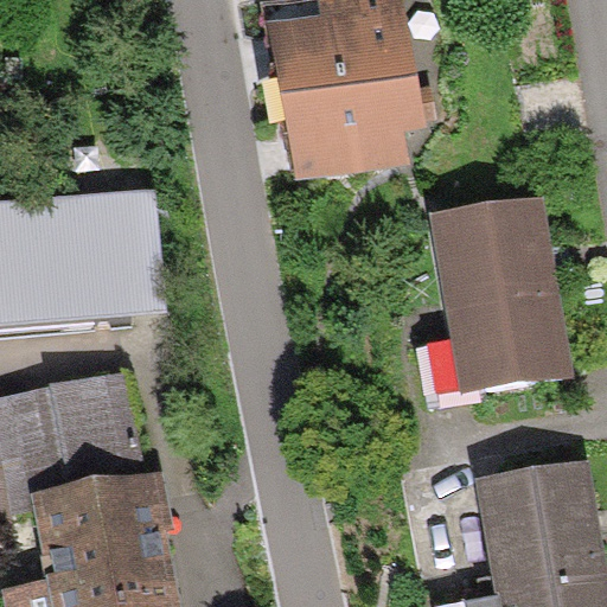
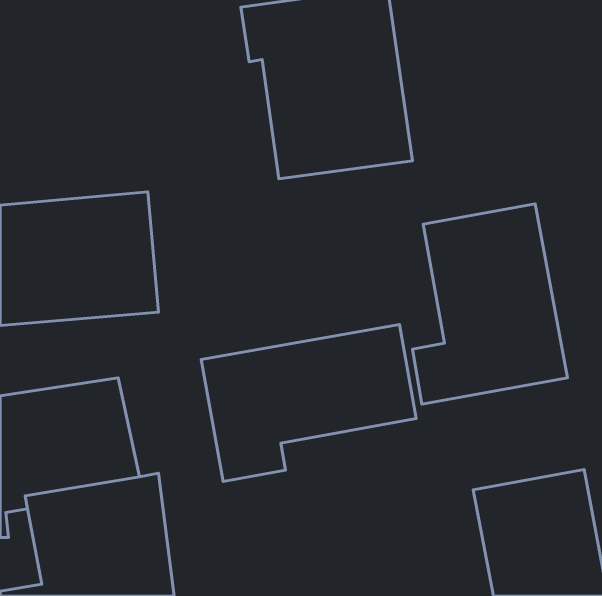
building: none -> [201,325,416,482]

